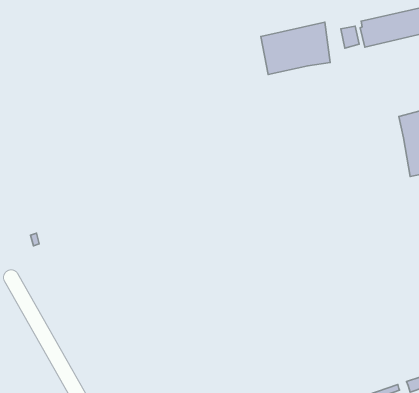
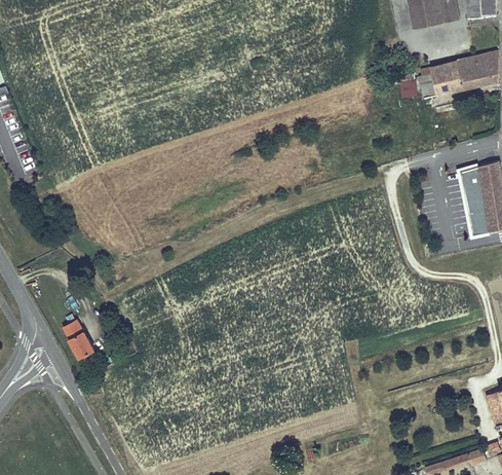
building: [261,22,330,74] -> none
building: none -> [63,320,93,358]

